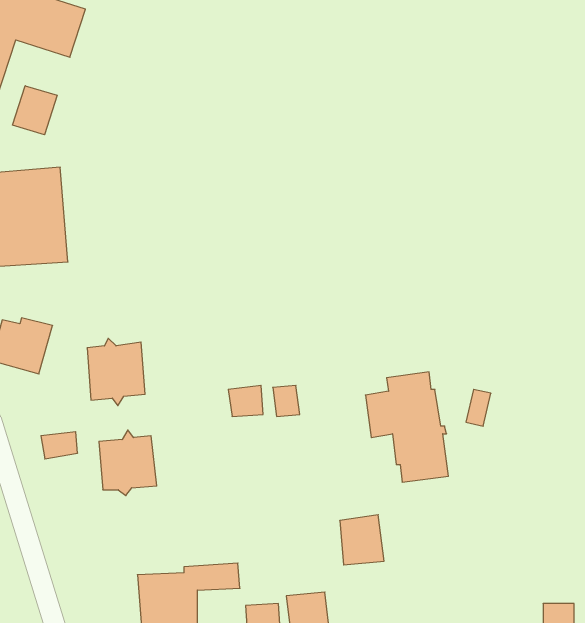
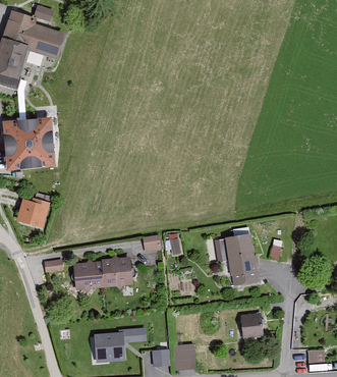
building: [13,86,57,135] -> none
building: [87,338,145,406] -> [102,255,132,290]
building: [340,515,384,565] -> [240,312,264,338]

